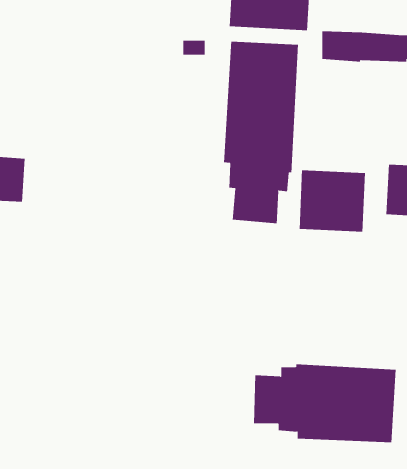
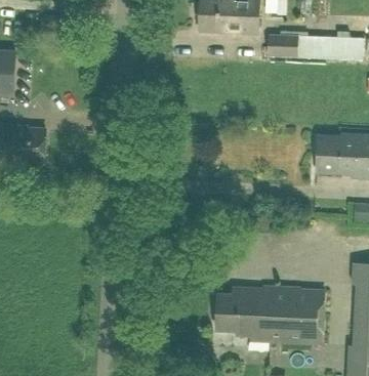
building: [224,41,298,224] -> none
building: [299,169,365,232] -> none

